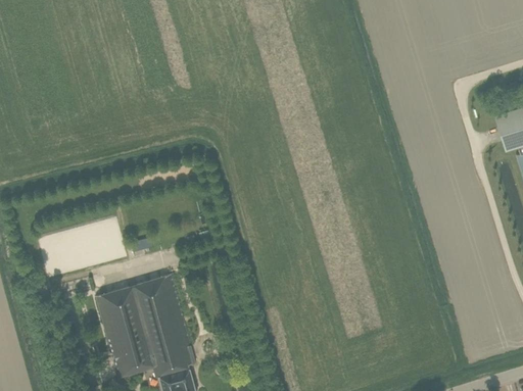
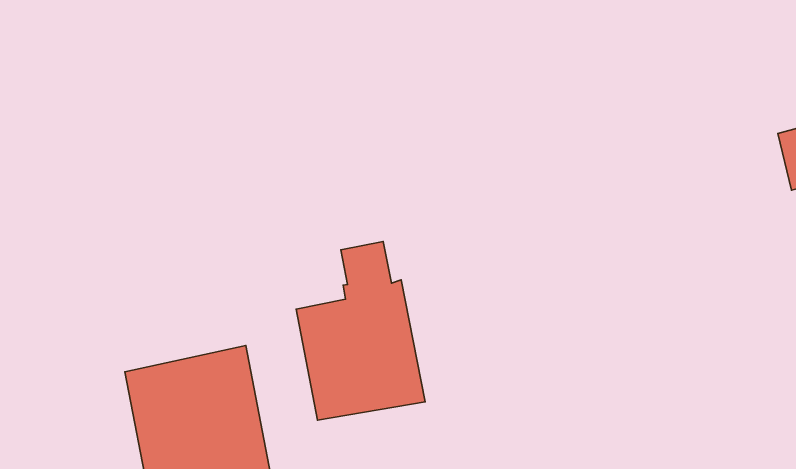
building: none -> [296,242,425,420]

